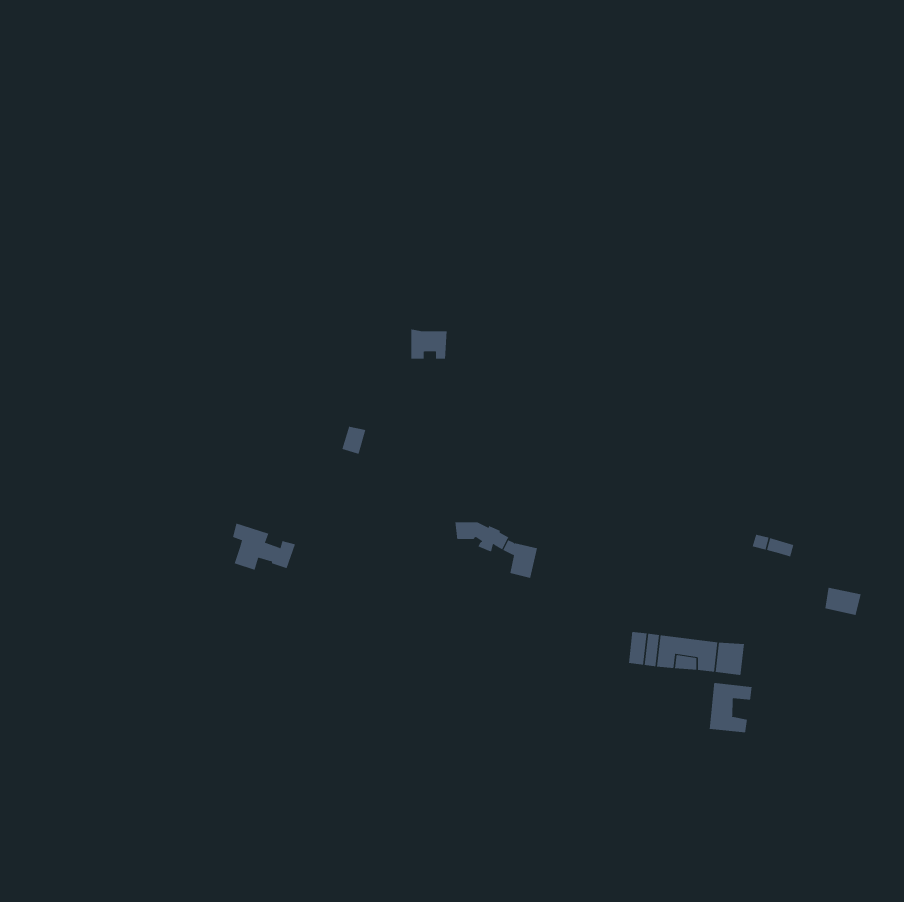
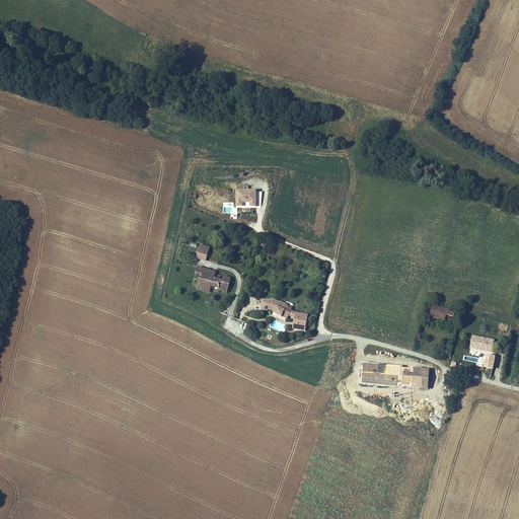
building: [232,523,296,571] -> [195,266,231,293]
building: [709,682,752,733] -> none

